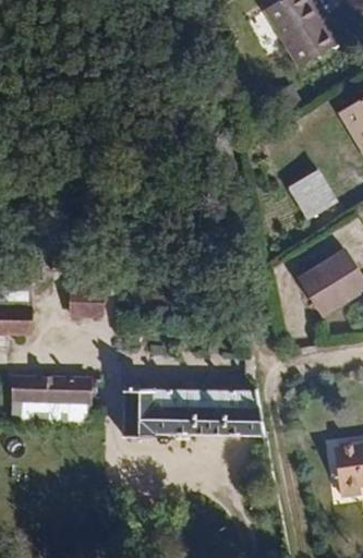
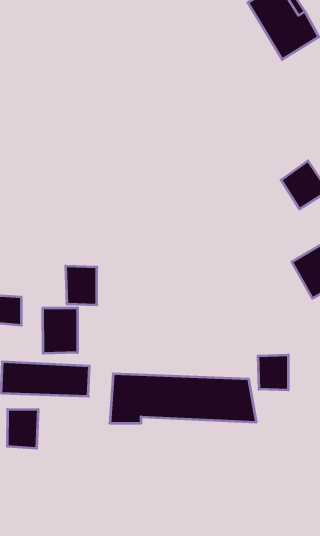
building: none -> [43,308,78,353]
building: none -> [258,355,288,390]
building: none -> [7,409,38,448]

